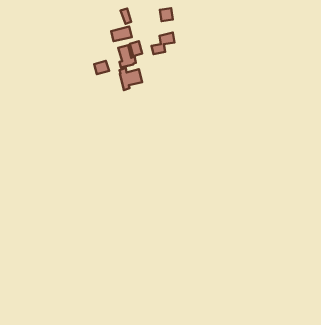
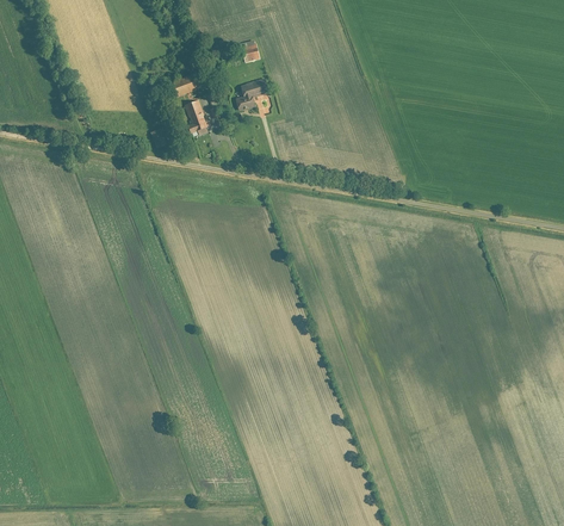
building: [120,68,142,90] -> none

